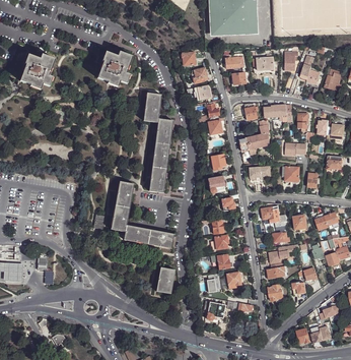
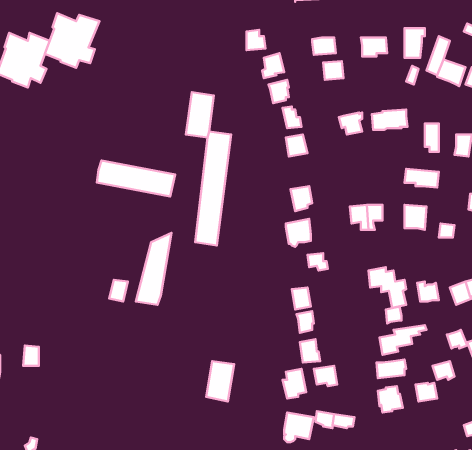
building: [96,51,132,86] -> [45,13,99,68]
building: [238,119,269,152] -> none
building: [123,225,173,248] -> [97,161,175,197]

